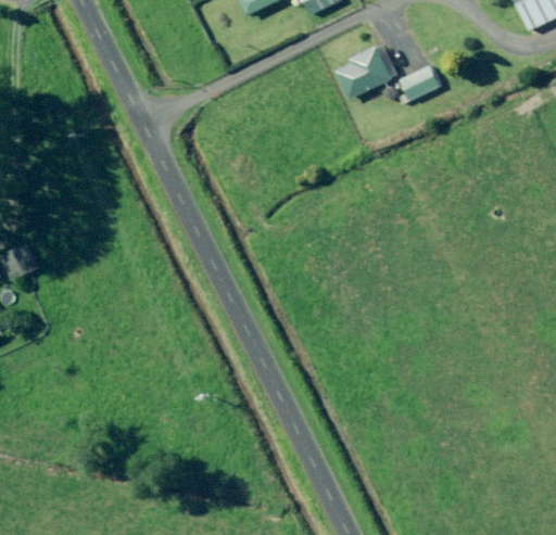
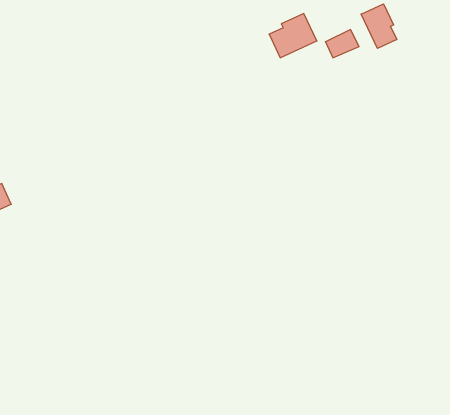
building: none -> [361,4,397,48]

